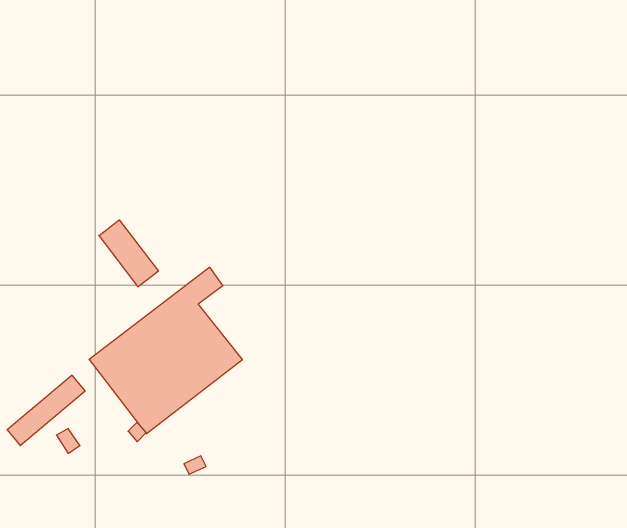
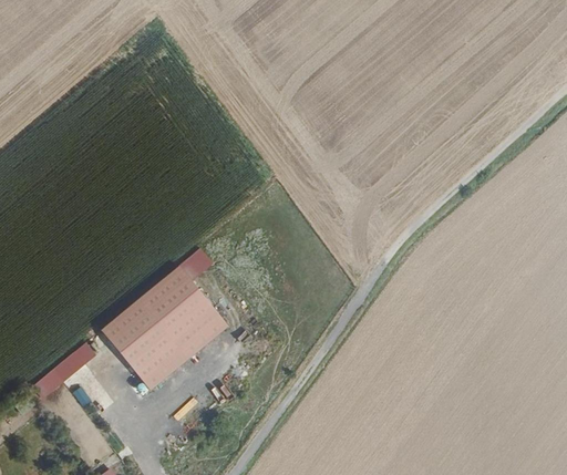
building: [99,220,158,287] -> none

